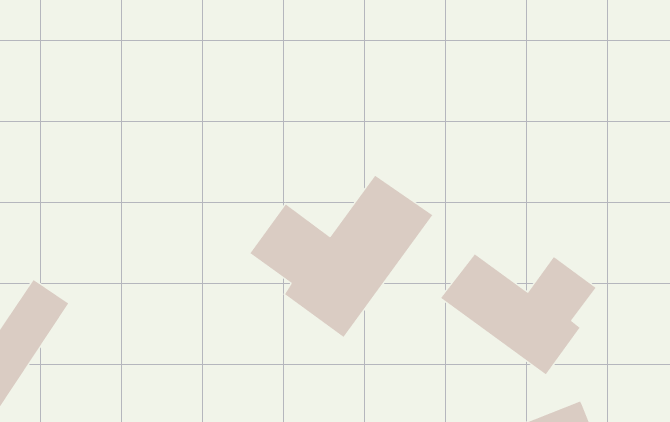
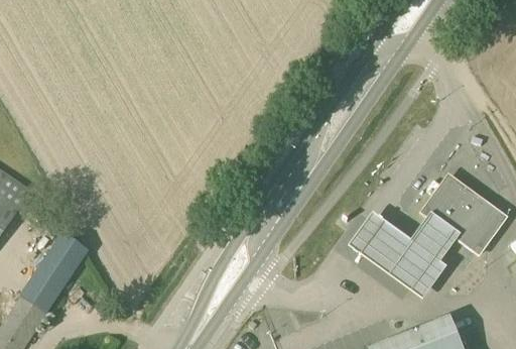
building: [249,175,433,338] -> none
building: none -> [422,174,504,251]

